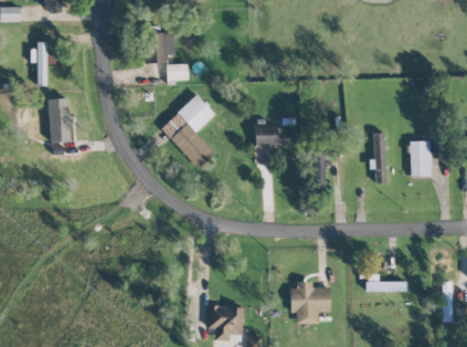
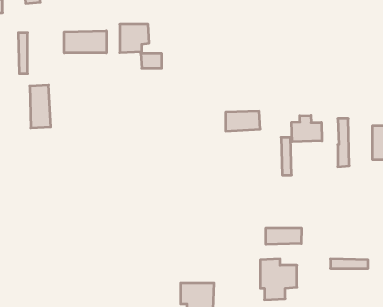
building: none -> [64,31,106,53]
building: [161,94,215,168] -> none
building: none -> [292,115,322,142]
building: none -> [266,228,301,244]

